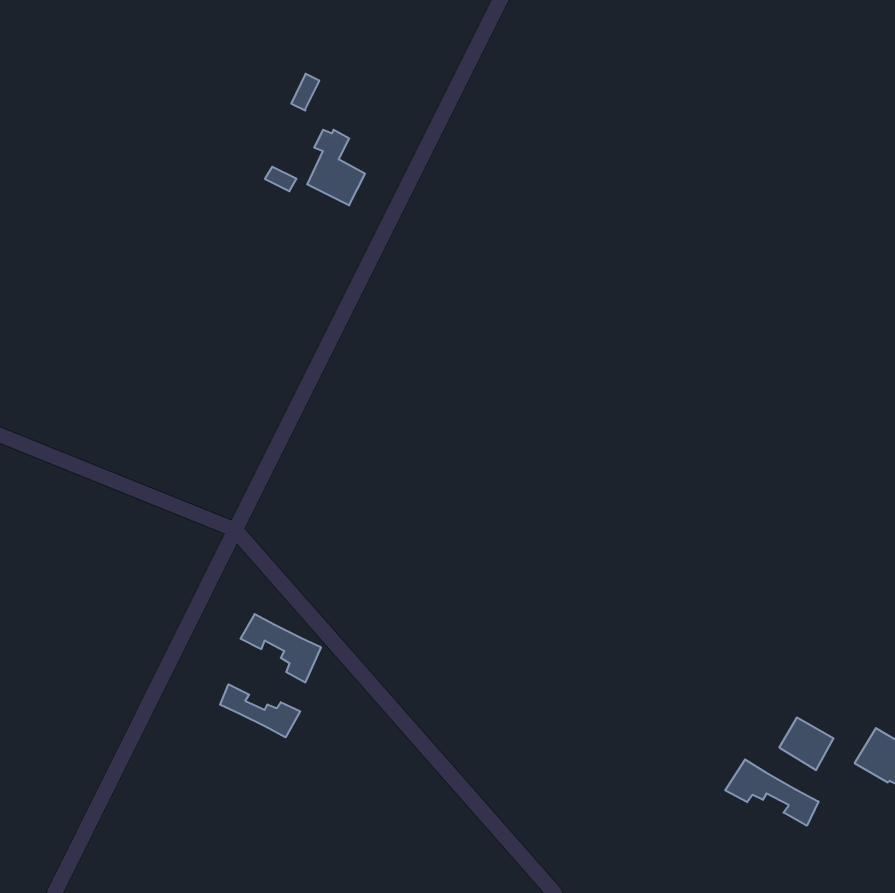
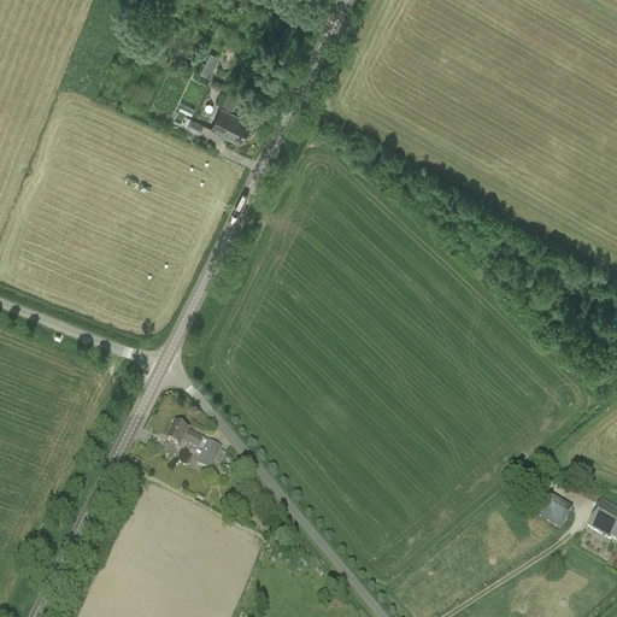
building: [220,684,300,737] -> none
building: [725,759,819,826] -> none

